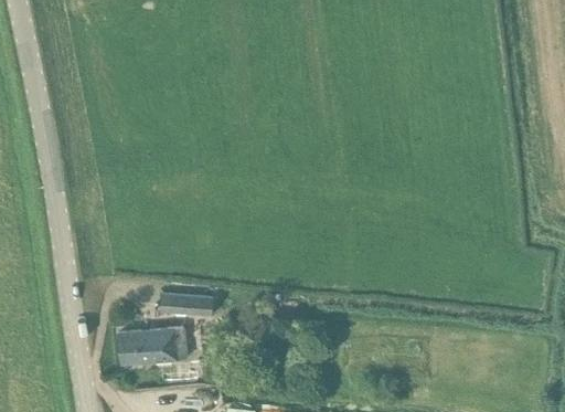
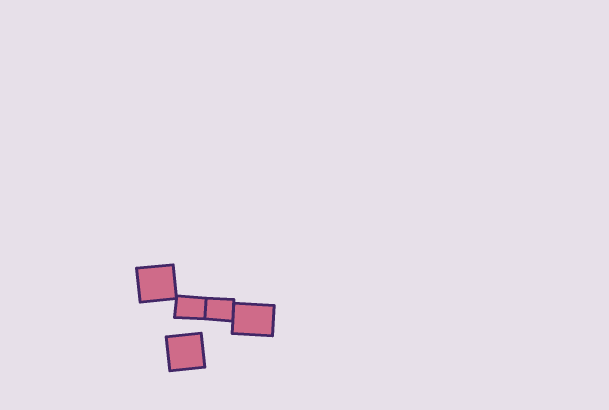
building: none -> [232,303,274,336]
building: [120,331,157,366] -> [137,265,177,302]

